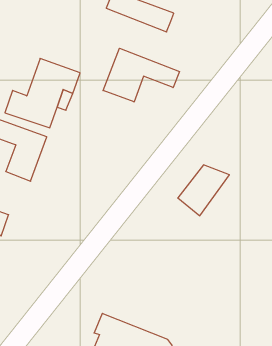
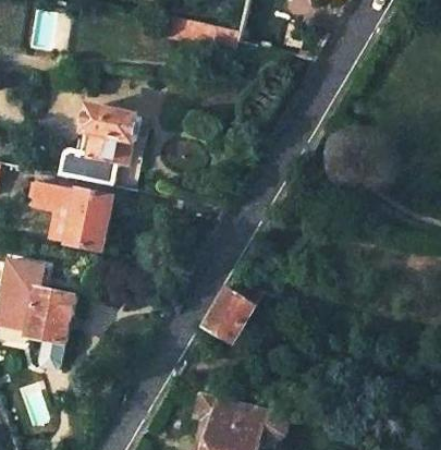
building: [103,48,179,102] -> none
building: [178,165,229,216] -> [205,283,261,343]

